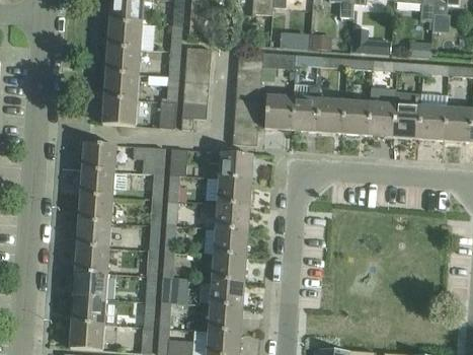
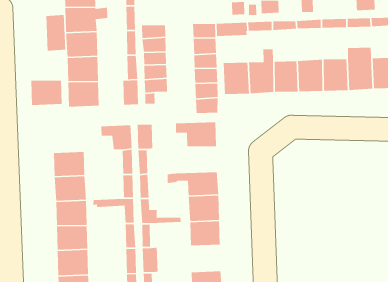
building: none -> [45,14,66,52]
building: [82,141,116,169] -> [30,80,62,106]
building: [218,176,251,205] -> none
building: [211,279,244,307] -> none

